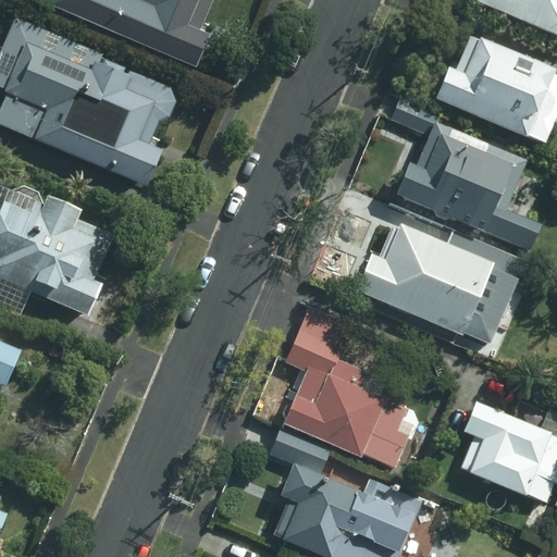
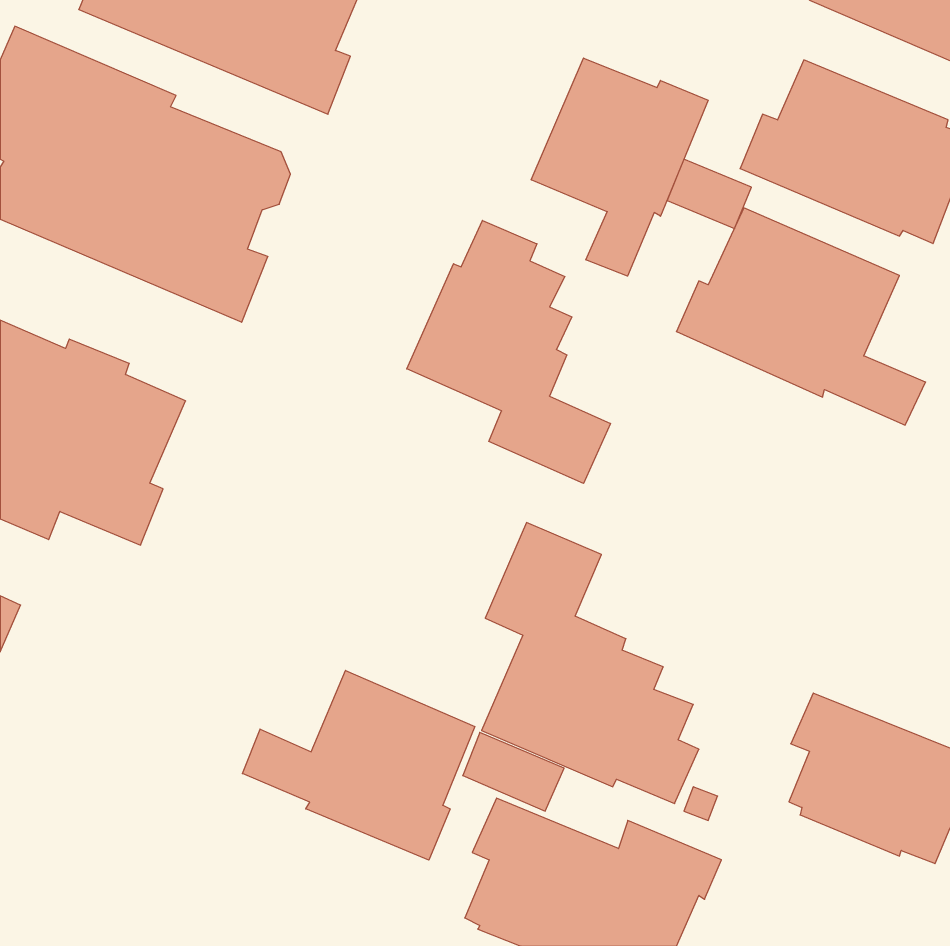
building: none -> [531,58,708,276]
building: none -> [407,220,610,483]
building: [355,223,528,342] -> none
building: none -> [242,670,475,860]

